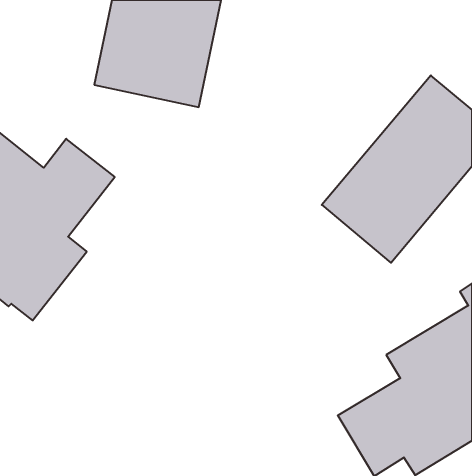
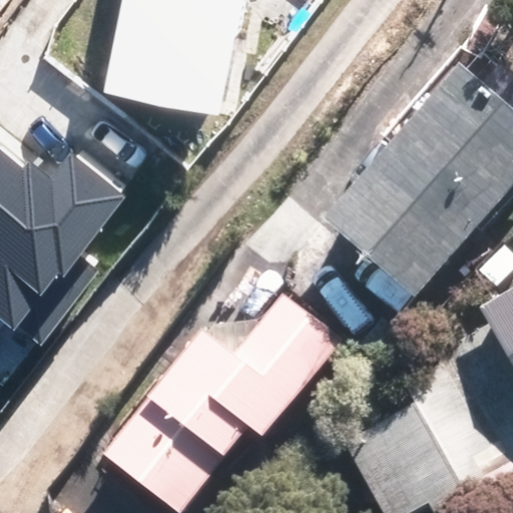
building: none -> [118,305,328,504]

